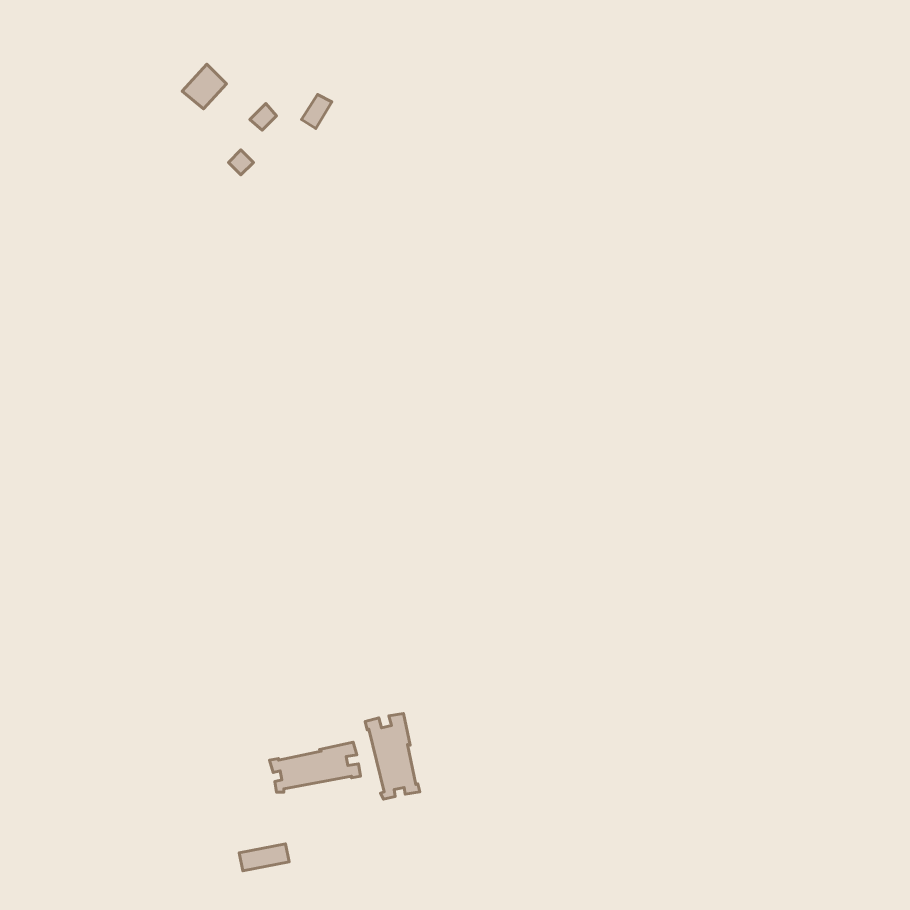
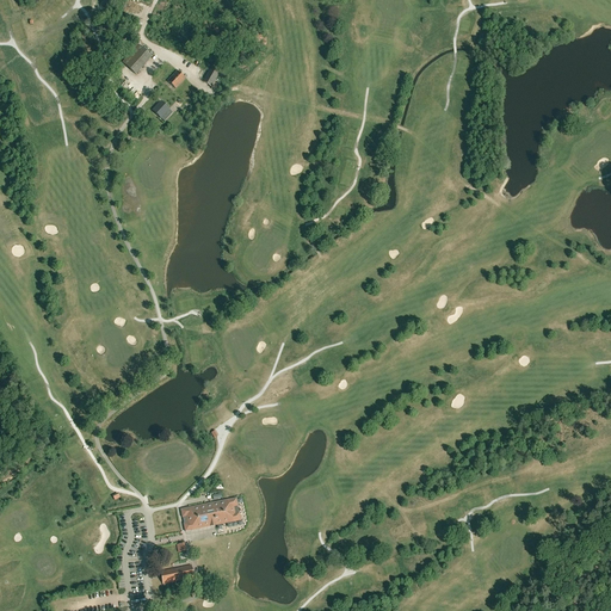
building: [365,714,420,799] -> none

